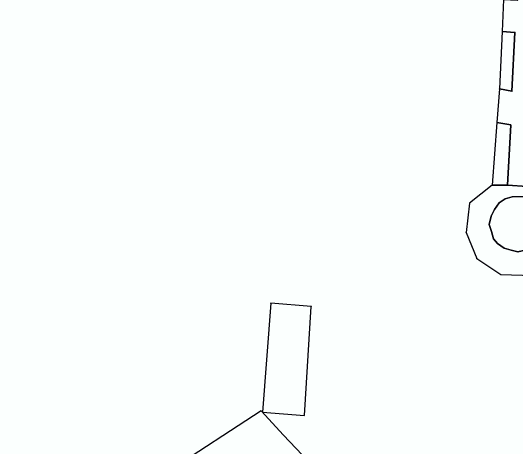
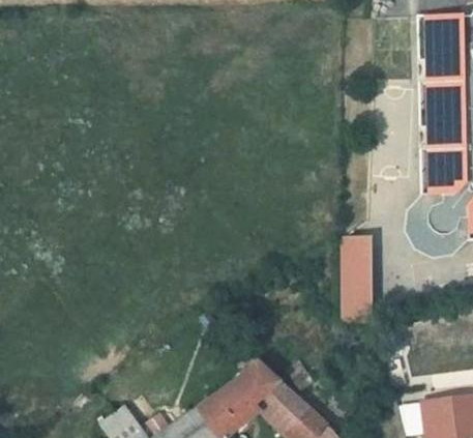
building: [263,303,311,415] -> [349,233,380,314]

